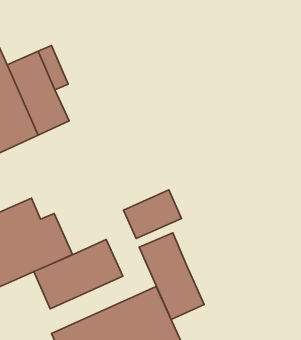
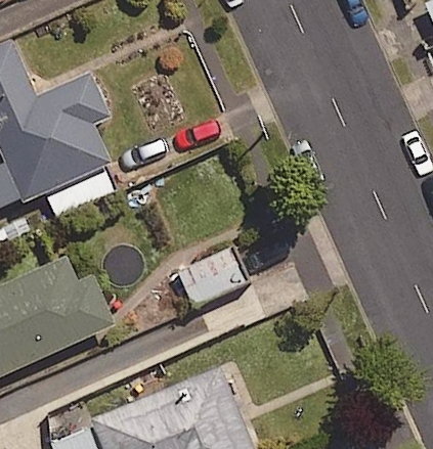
building: [139,233,204,319] -> none
building: [34,240,123,309] -> none

